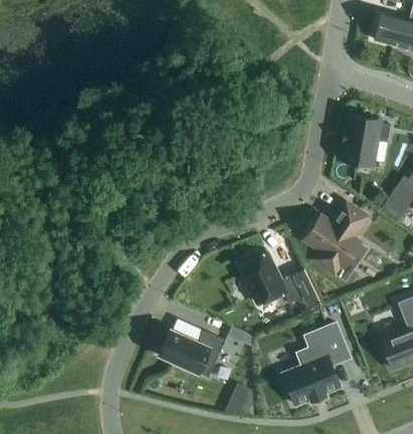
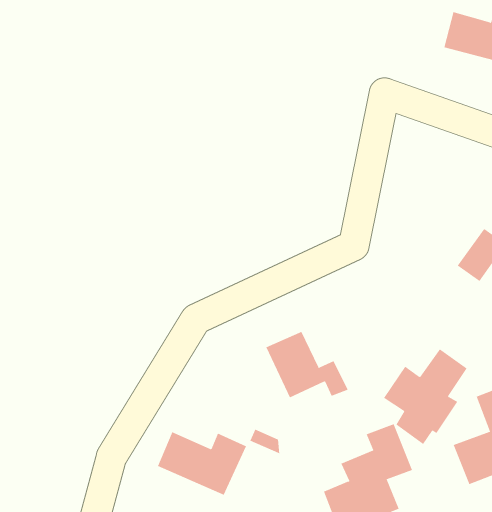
building: [342,117,390,165] -> none
building: [303,202,367,275] -> [383,348,468,445]

